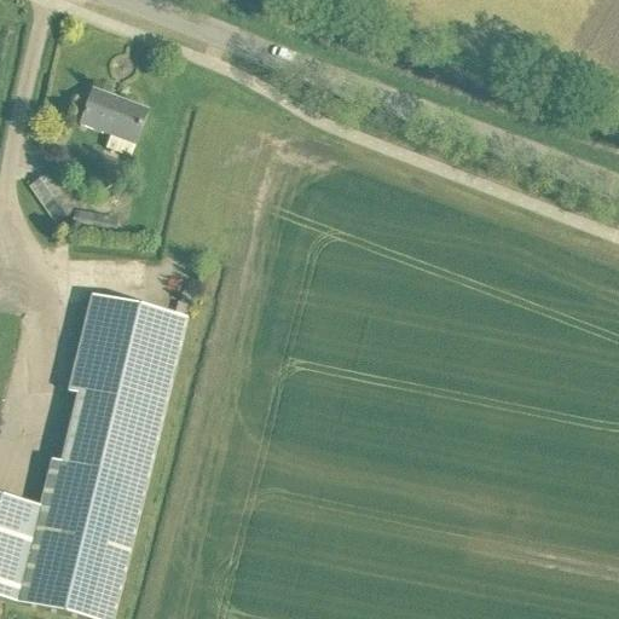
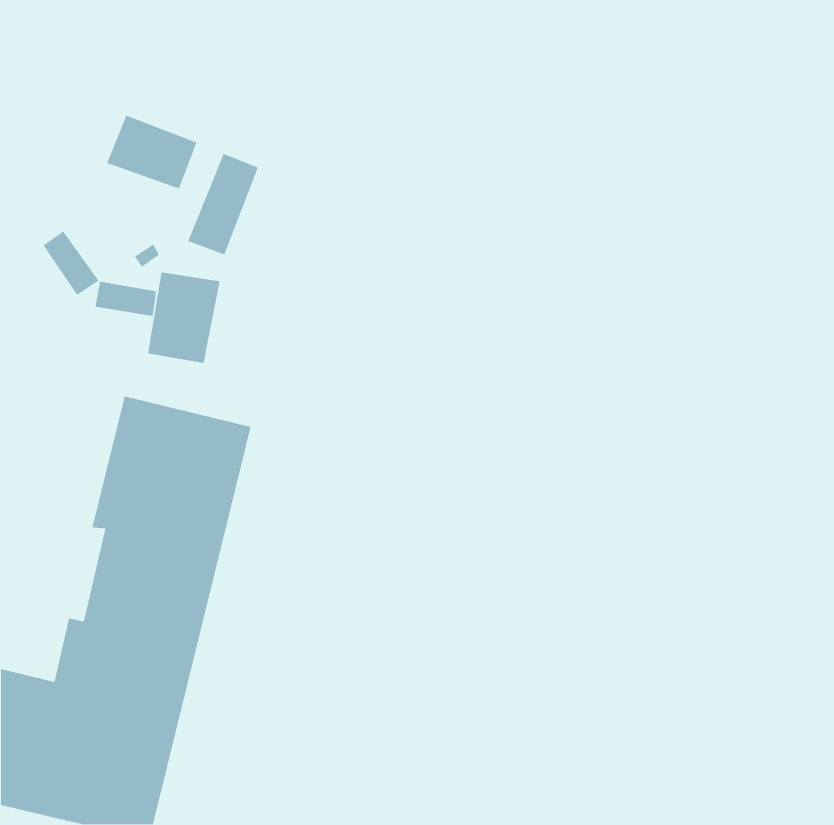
building: none -> [187,153,259,255]
building: none -> [147,272,221,364]

